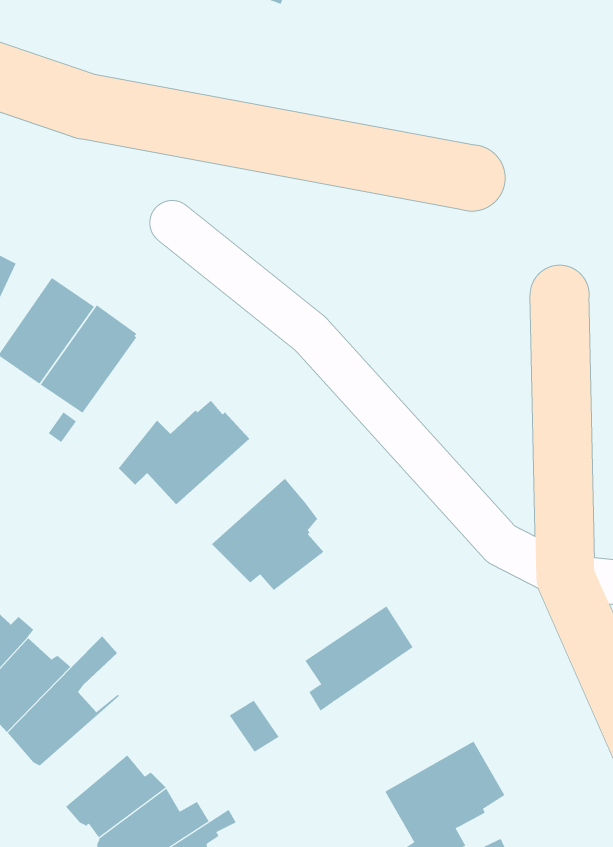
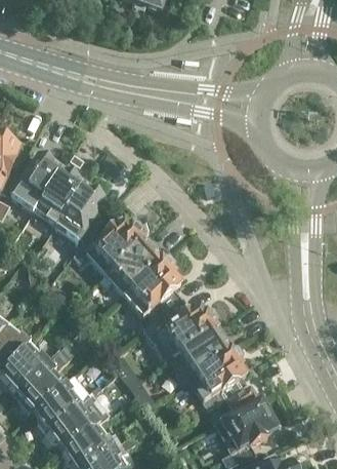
building: none -> [55,187,106,241]
building: none -> [98,240,162,296]
building: none -> [156,300,216,357]
building: none -> [187,350,261,413]
building: none -> [33,376,91,434]

